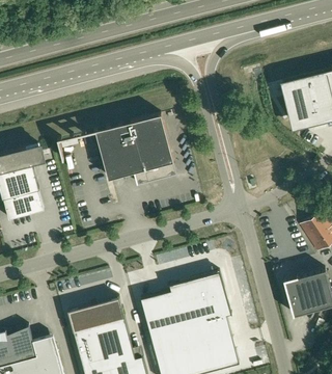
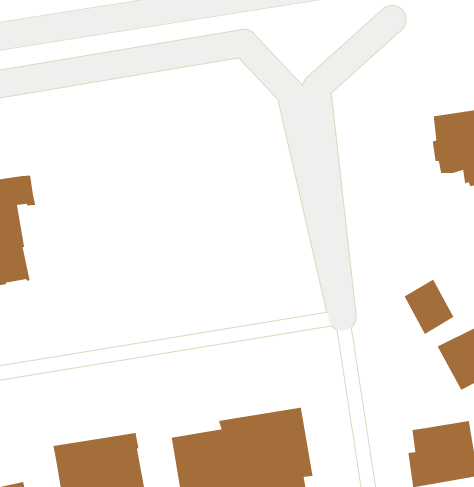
building: [94,114,176,186] -> none
building: none -> [403,279,455,335]

